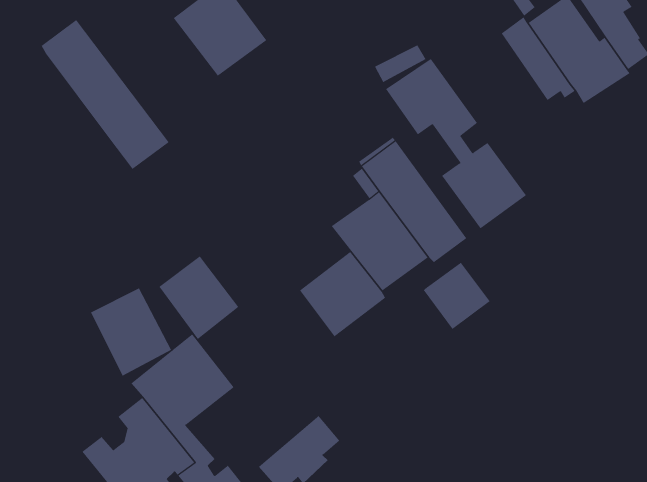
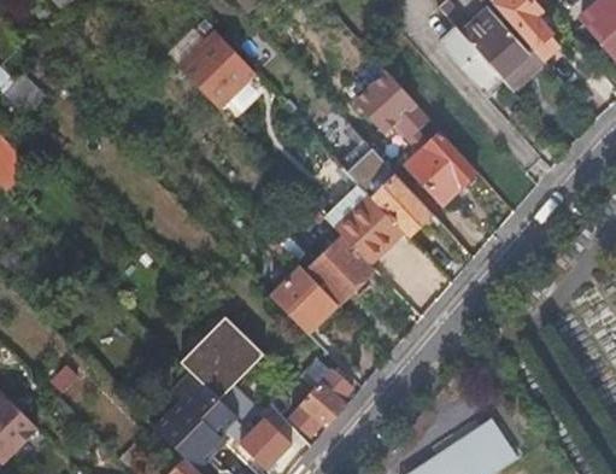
building: [41,19,170,170] -> none
building: [158,255,239,340] -> [271,267,338,334]
building: [423,262,490,330] -> none
building: [90,287,172,376] -> none

